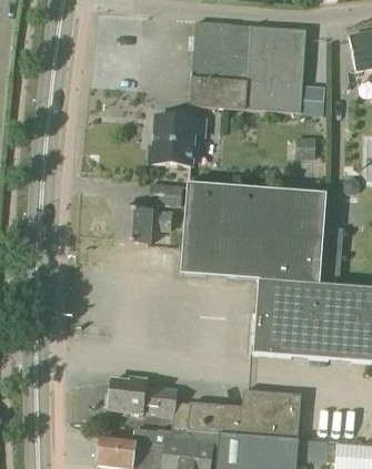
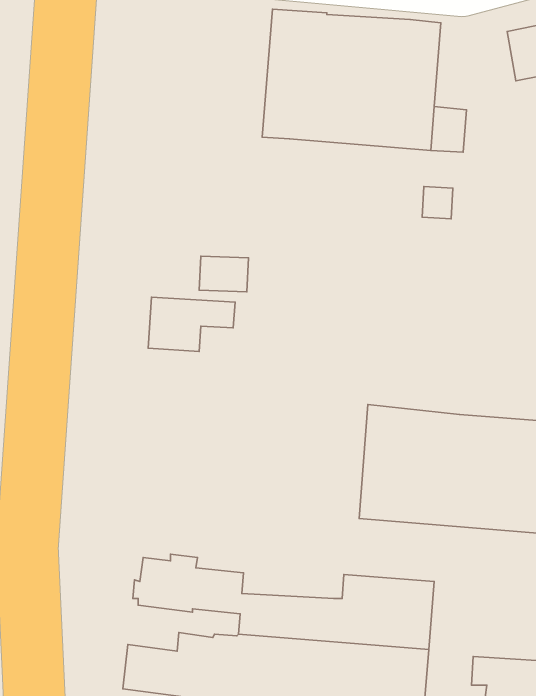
building: [150,115,204,164] -> none
building: [181,183,326,285] -> none

